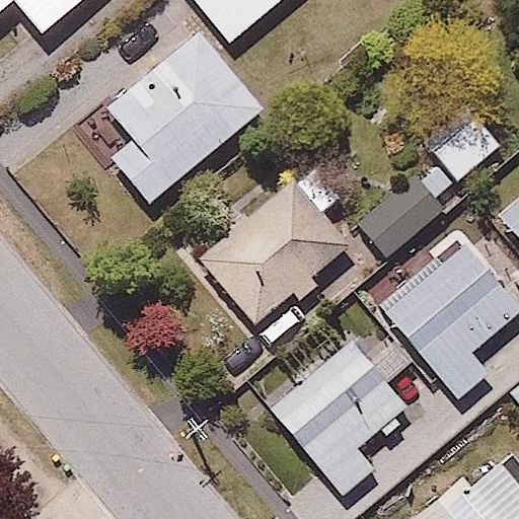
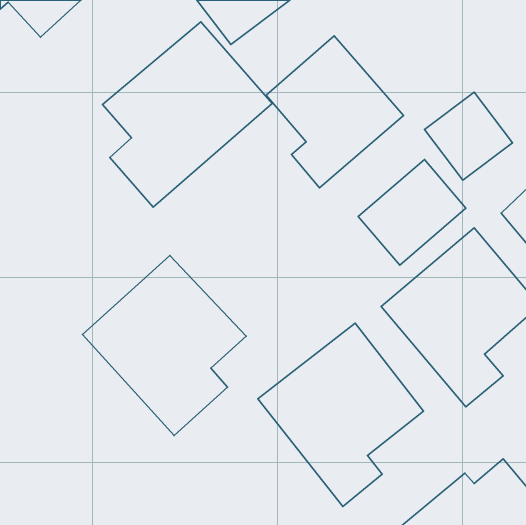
building: none -> [266,36,404,188]
building: [196,176,354,329] -> none
building: none -> [83,255,246,435]

